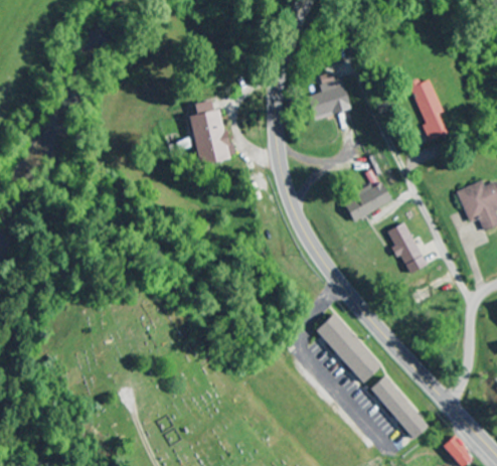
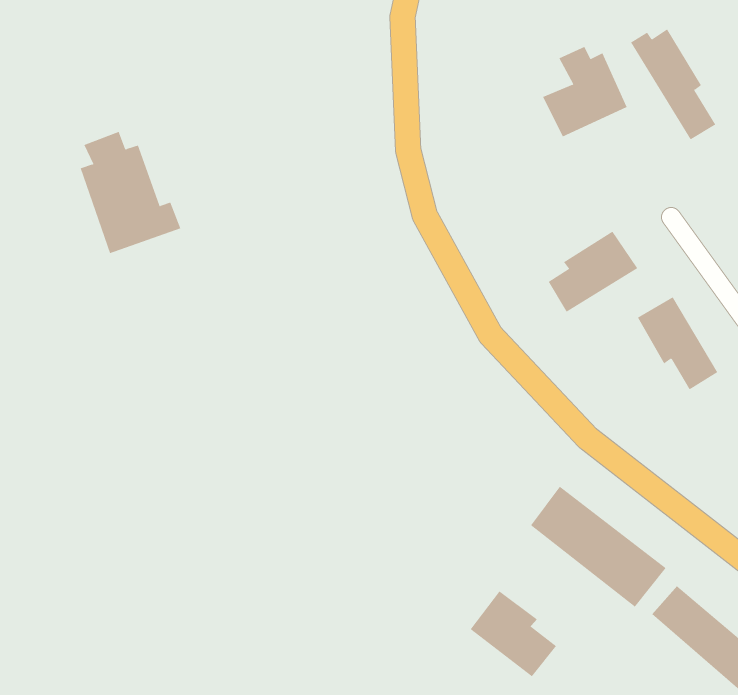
building: [307,72,351,119] -> [542,46,627,137]
building: [188,100,236,164] -> [80,131,181,254]
building: none -> [470,591,557,677]

